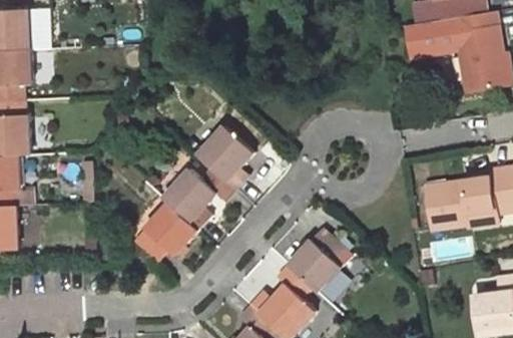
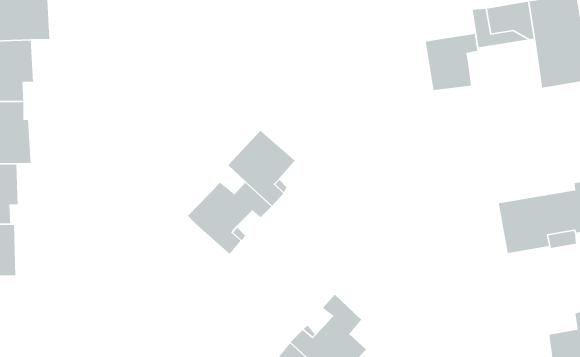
building: none -> [425,33,478,91]
building: [133,204,198,261] -> none
building: [288,228,346,292] -> none

